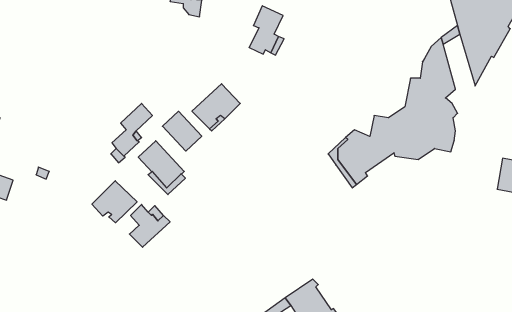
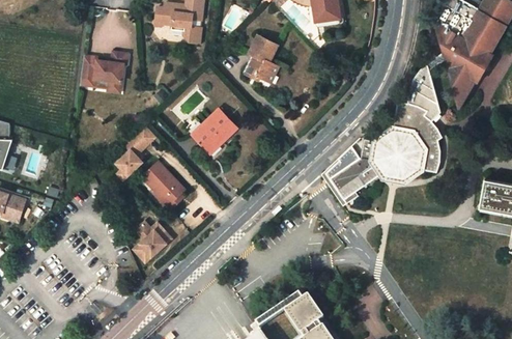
building: none -> [79,51,125,89]
building: [162,111,202,151] -> none
building: [92,181,137,223] -> none

